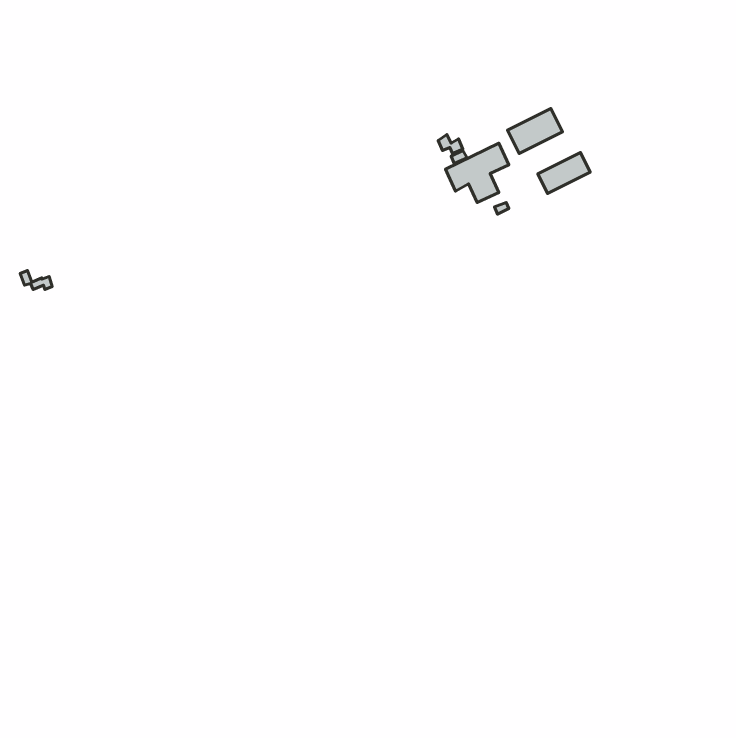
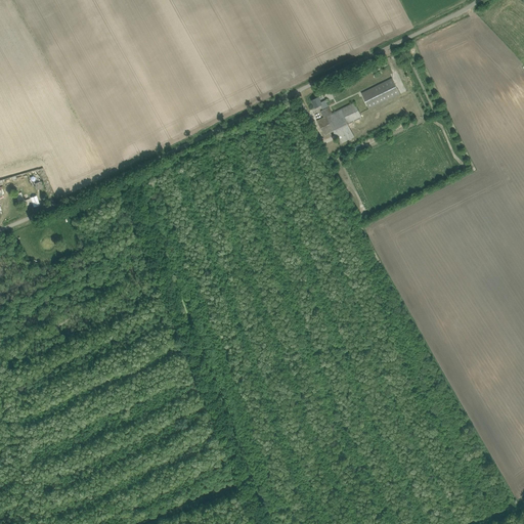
building: [538,152,590,193] -> none

